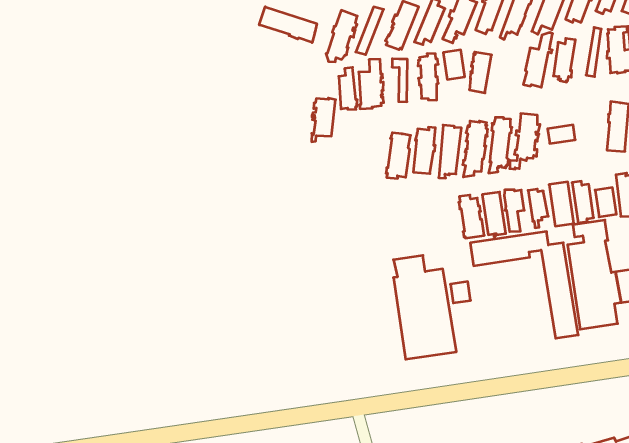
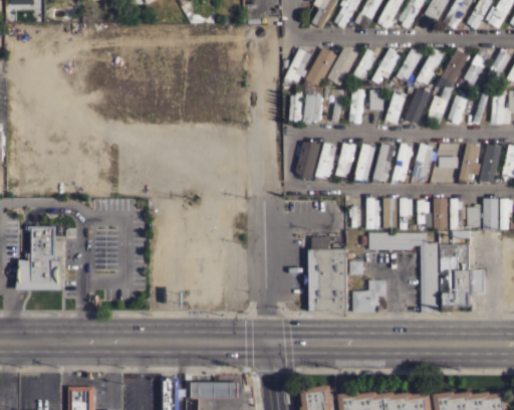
building: [259,7,317,43] -> none
building: none -> [405,89,430,125]
building: [312,98,336,142] -> [296,144,318,175]
building: none -> [459,145,480,185]
building: none -> [17,224,63,290]
building: none -> [353,280,387,313]

